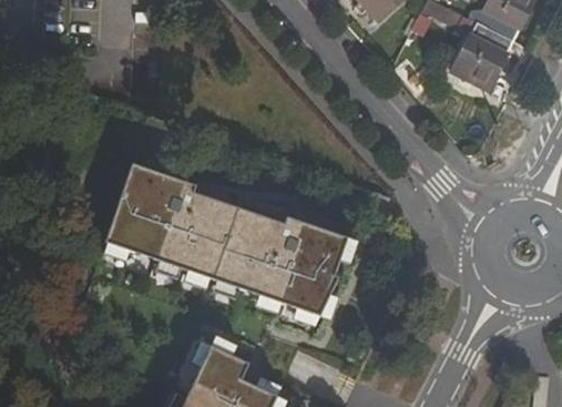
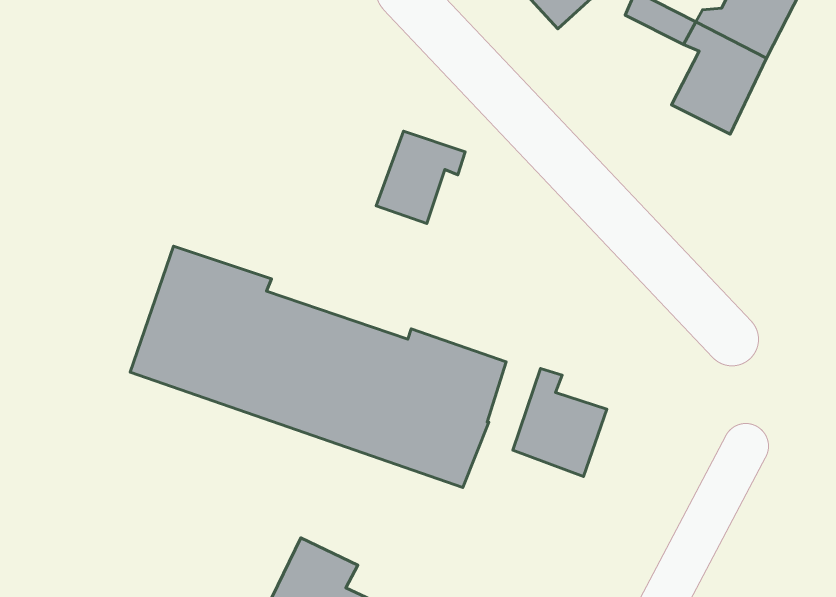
building: none -> [376,131,465,223]
building: none -> [513,369,607,476]

